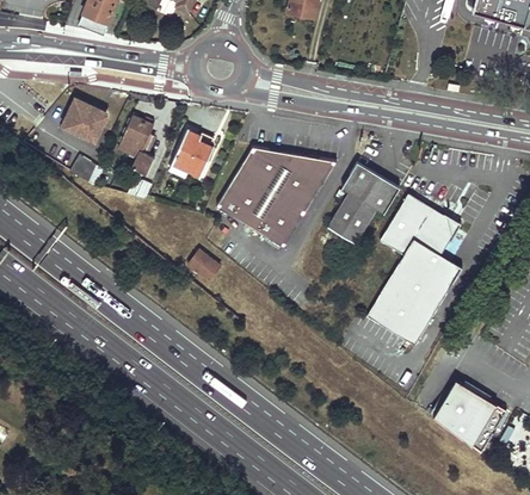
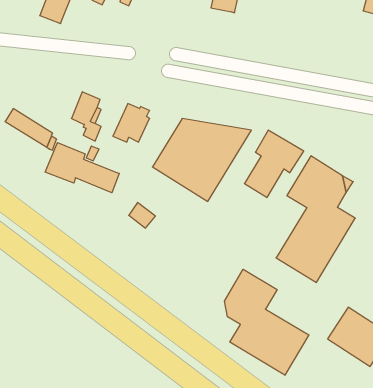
building: [66,99,106,140] -> none
building: none -> [45,143,119,193]
building: none -> [225,269,309,375]

